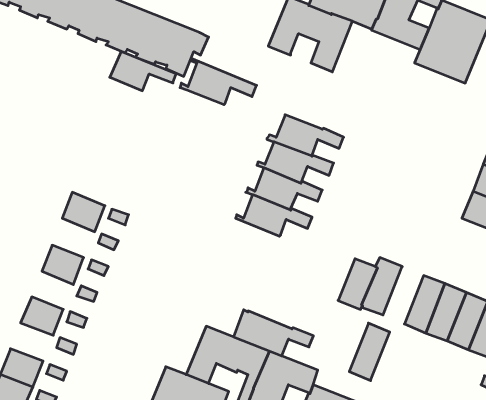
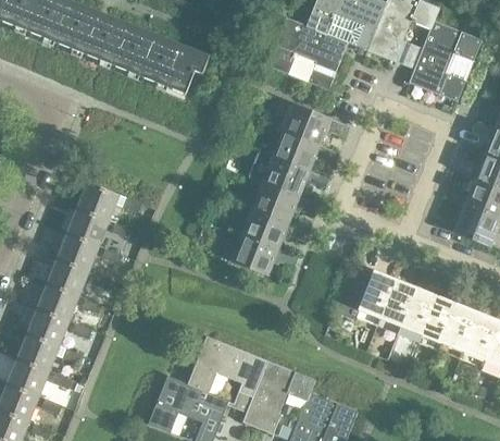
building: [110,51,176,91] -> [77,181,141,219]
building: [180,58,257,105] -> [276,100,350,145]
building: none -> [58,231,99,269]
building: none -> [38,282,78,319]
building: [233,310,313,356] -> [221,230,298,274]
building: none -> [17,332,59,369]
building: [349,323,390,381] -> [377,278,416,333]

